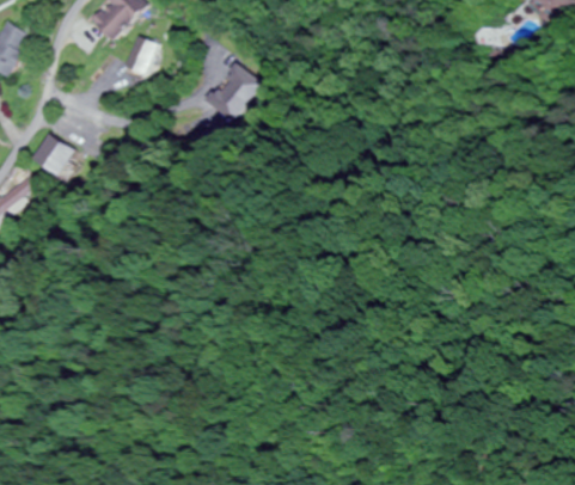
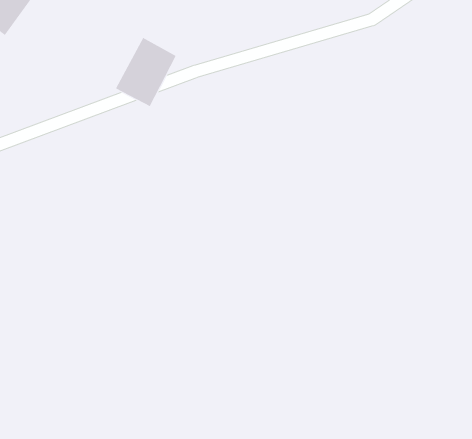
building: [124,36,157,74] -> none

